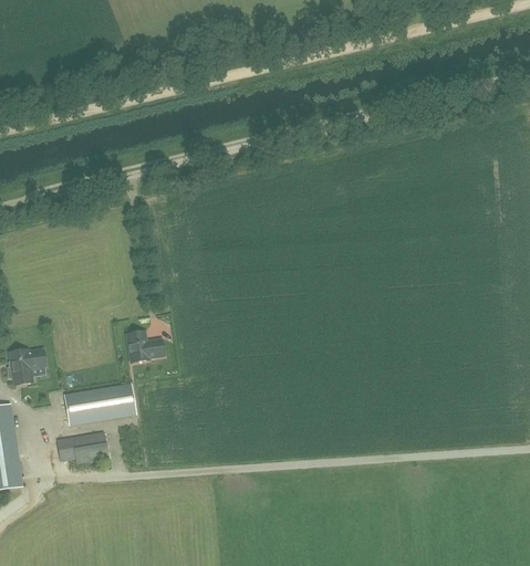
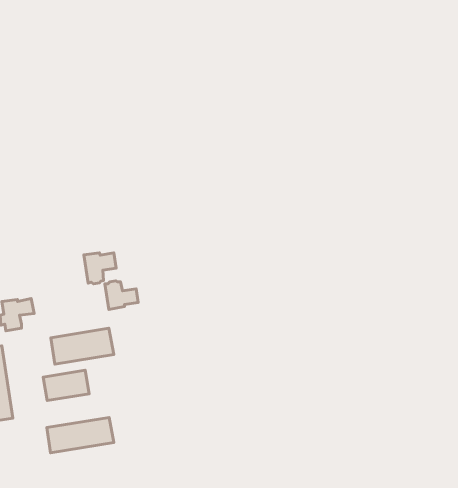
building: none -> [84,253,116,284]
building: none -> [47,417,114,453]

